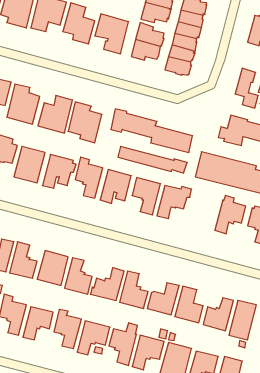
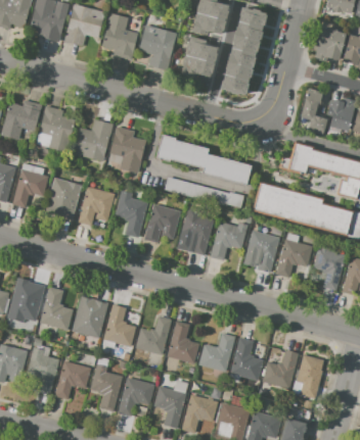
building: none -> [244,230,278,272]

